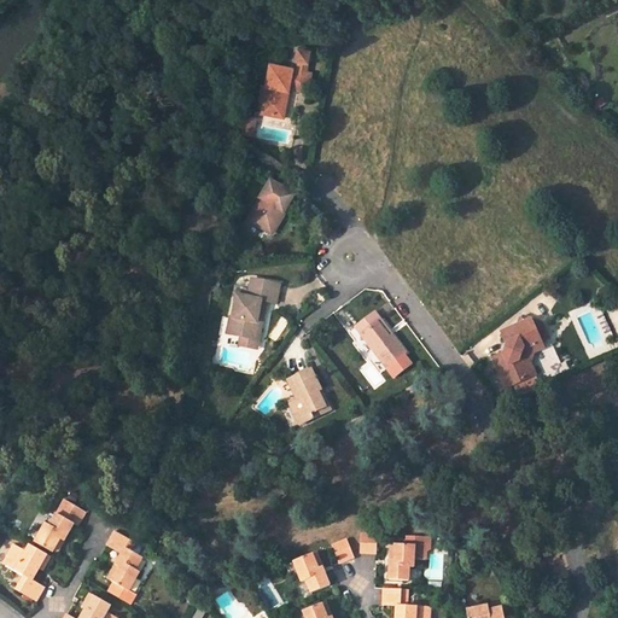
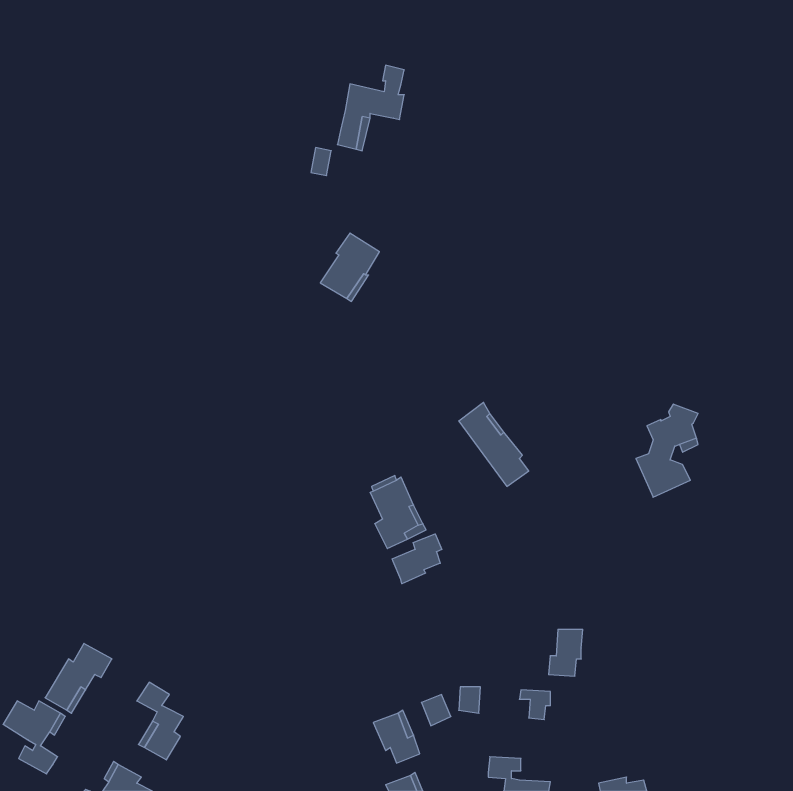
building: [227,279,280,339] -> none
building: none -> [392,534,442,584]
building: [385,543,412,579] -> [549,629,583,676]

